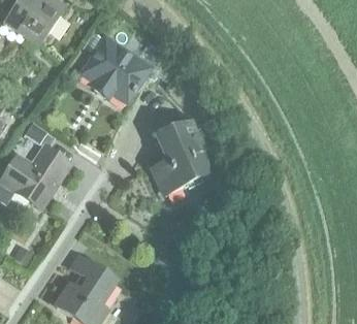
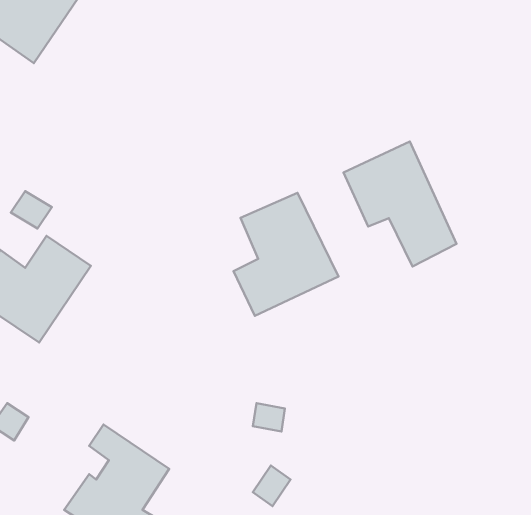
building: [80,36,145,103] -> none
building: none -> [343,141,456,267]

